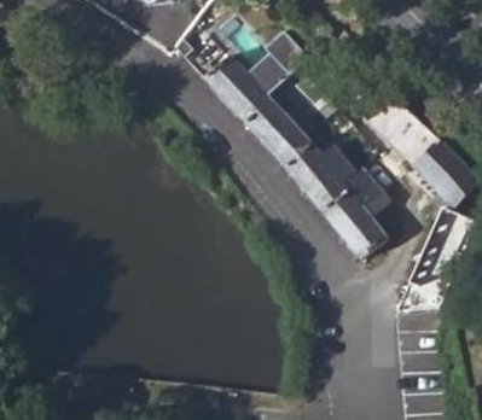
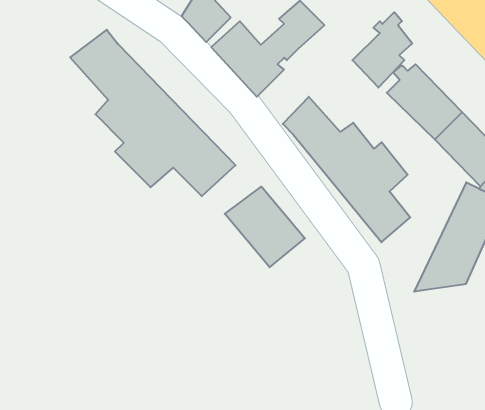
building: none -> [70,30,236,196]
building: [246,80,302,150] -> [352,12,412,88]
building: none -> [225,187,305,267]

